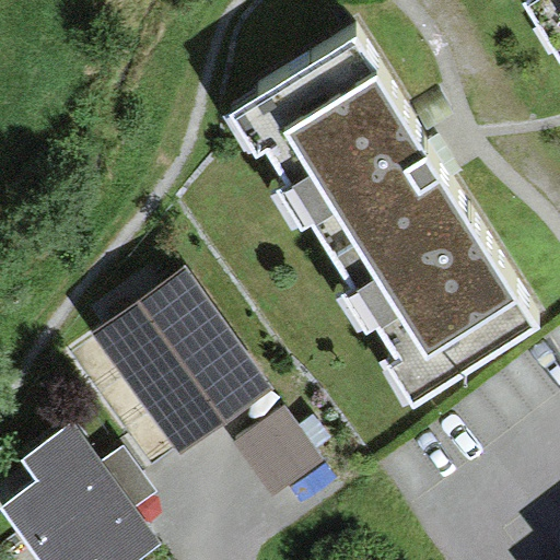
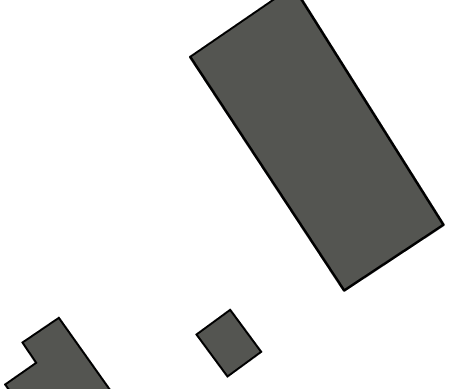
building: [91,265,273,454] -> none

